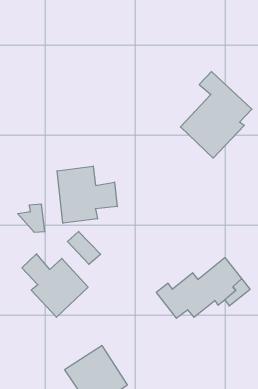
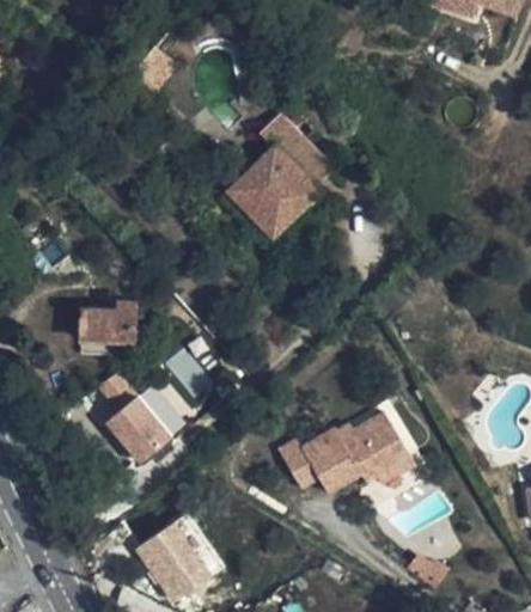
building: [180,72,252,158] -> [225,109,330,232]
building: [57,166,117,223] -> none
building: none -> [80,306,120,348]

